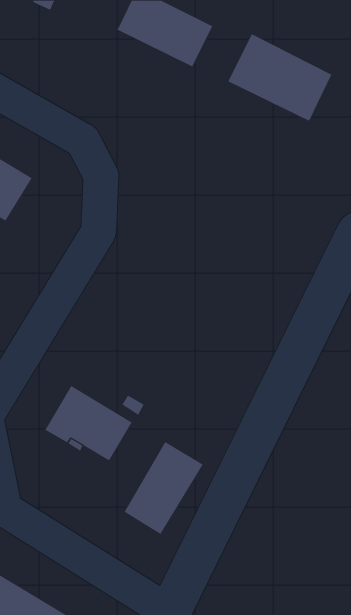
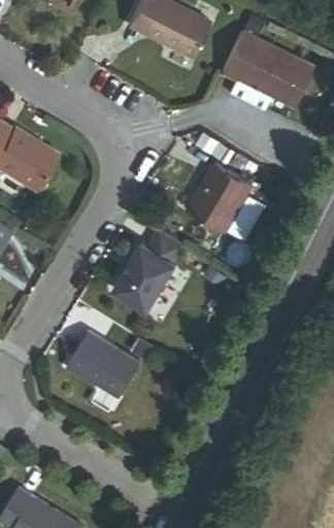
building: none -> [186,162,255,233]
building: none -> [112,229,188,311]
building: [124,441,204,535] -> none

